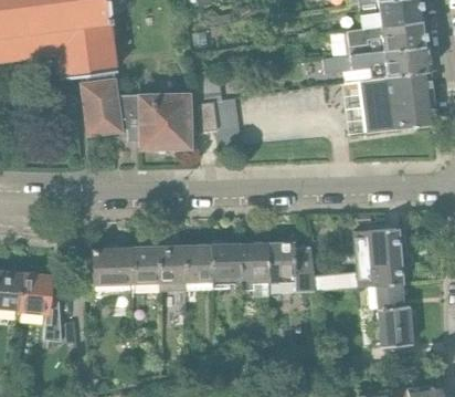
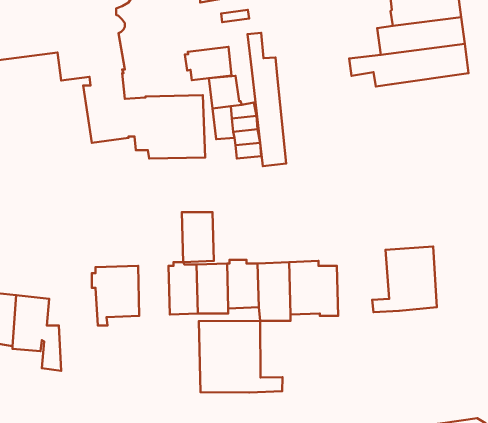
building: none -> [247,33,286,166]
building: none -> [185,47,232,80]
building: [360,72,436,135] -> none
building: [130,247,159,292] -> [182,212,214,262]
building: [367,284,412,346] -> none
building: none -> [199,321,282,393]

